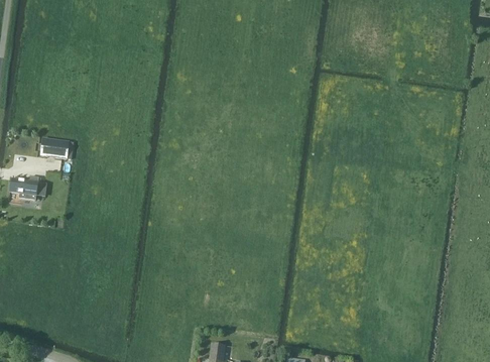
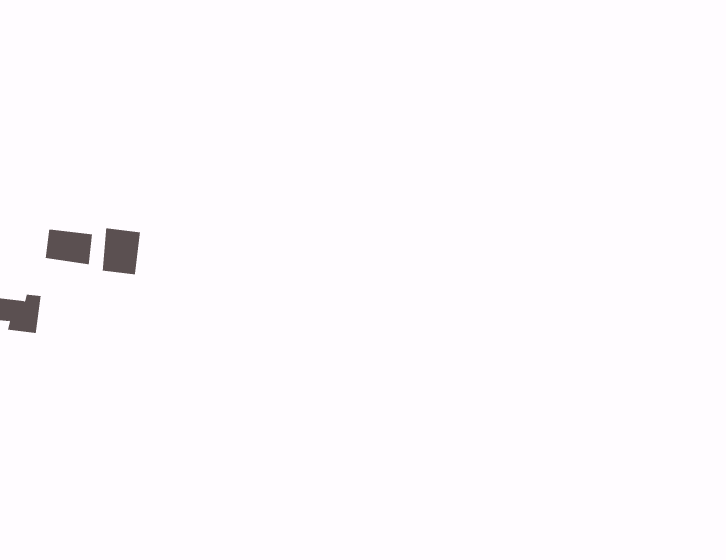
building: none -> [102,227,141,275]

